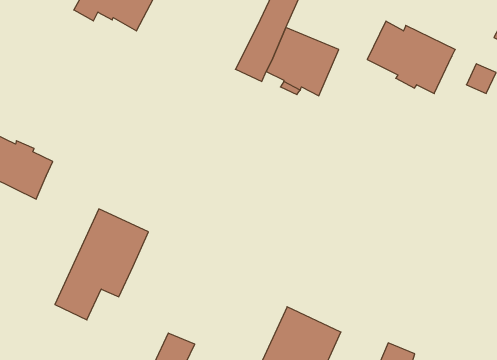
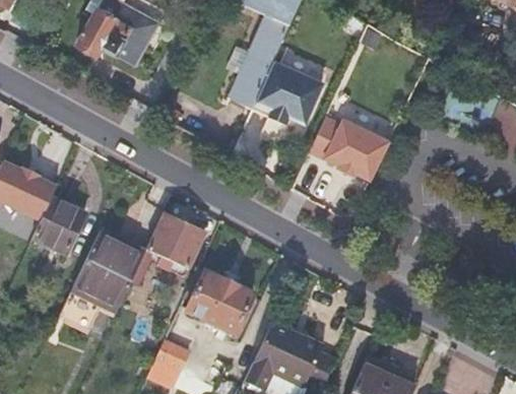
building: [367,21,455,94] -> [308,116,389,183]
building: none -> [35,199,86,254]
building: none -> [132,213,203,285]
building: none -> [188,272,254,336]

